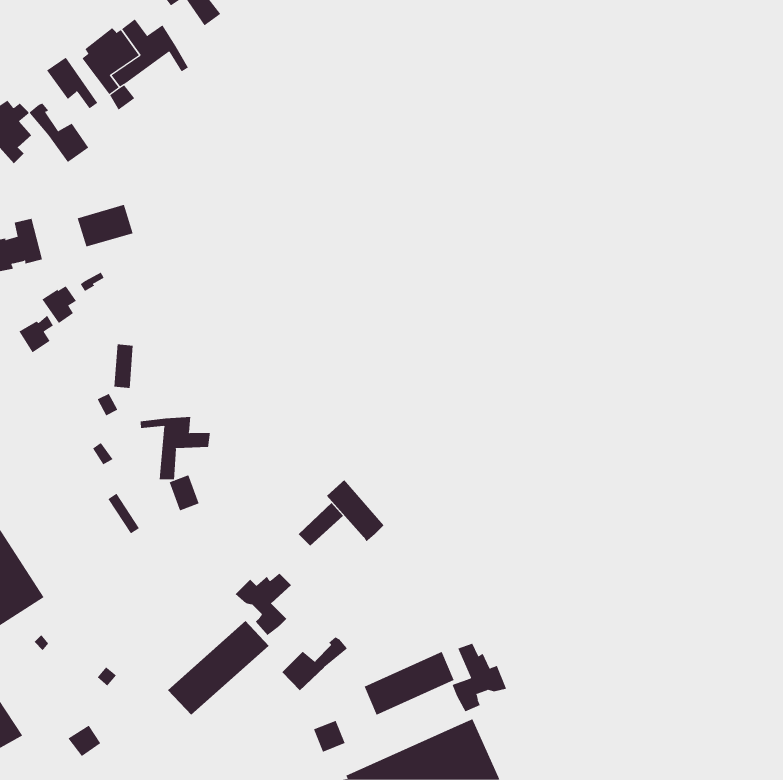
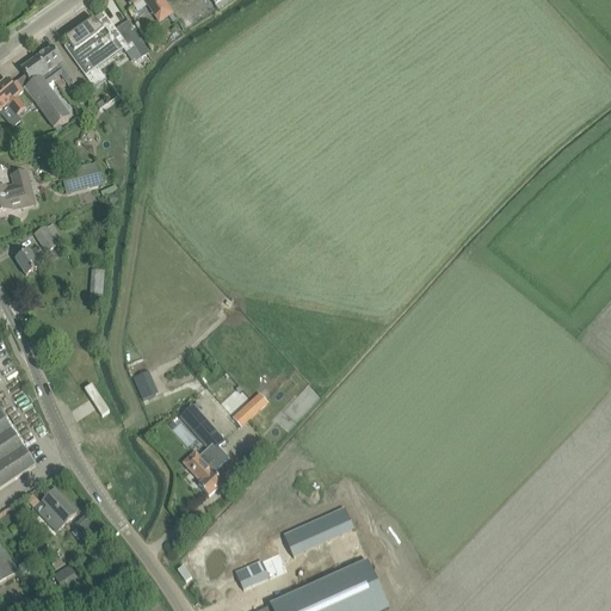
building: none -> [20,55,56,101]
building: [140,416,210,480] -> none
building: [326,479,385,542] -> [179,402,224,451]
building: [167,620,270,716] -> none
building: none -> [42,488,75,529]
building: [282,636,347,691] -> none
building: [452,643,507,712] -> none

